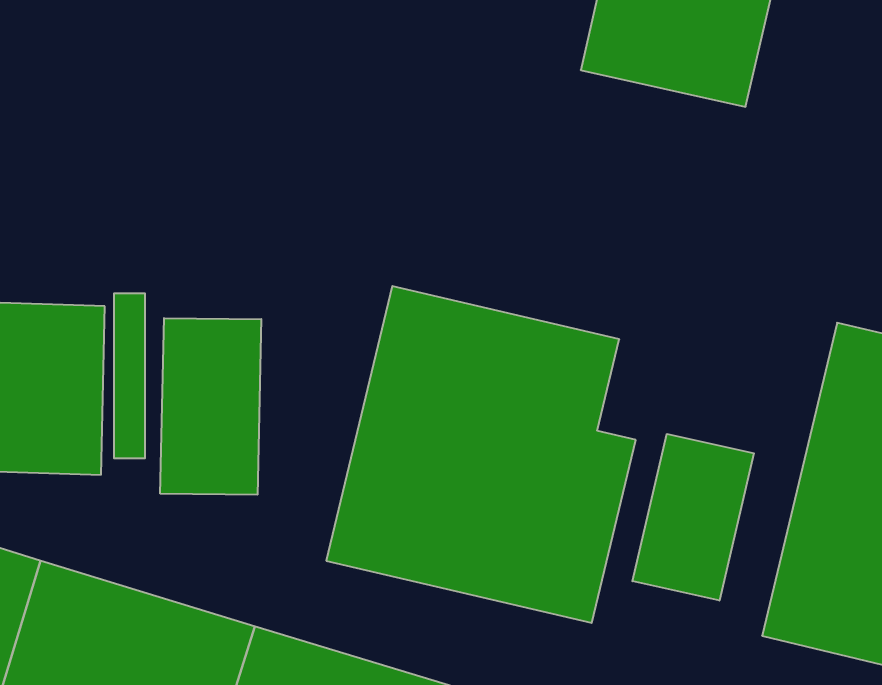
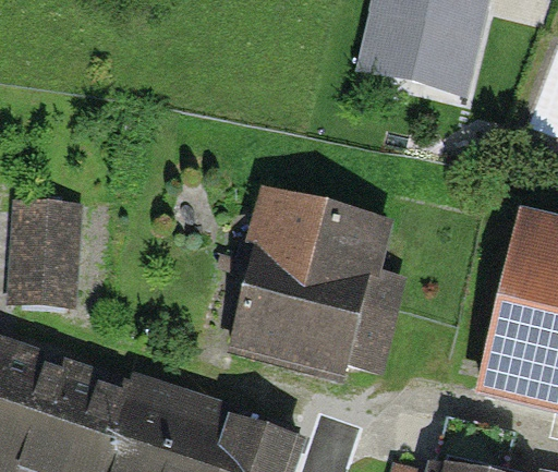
building: [160,318,261,495] -> none
building: [632,434,754,601] -> none

